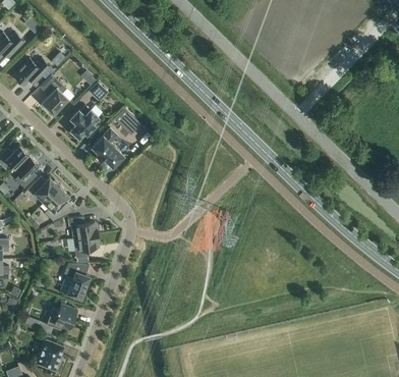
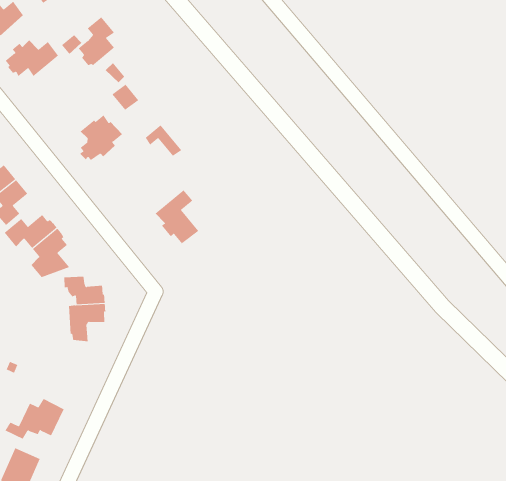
building: [42,78,67,113] -> [78,17,115,66]
building: [92,128,123,166] -> [155,189,199,244]
building: [64,264,90,299] -> none

